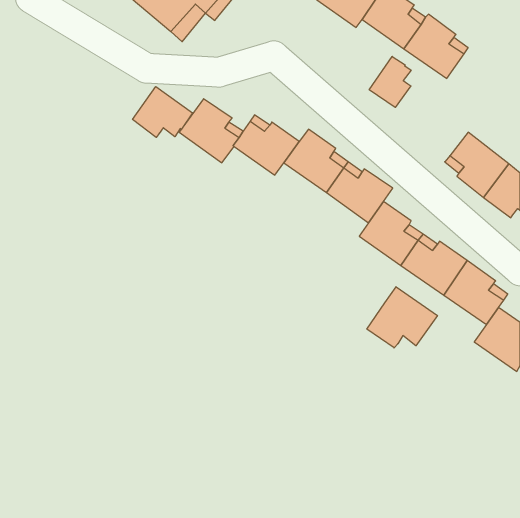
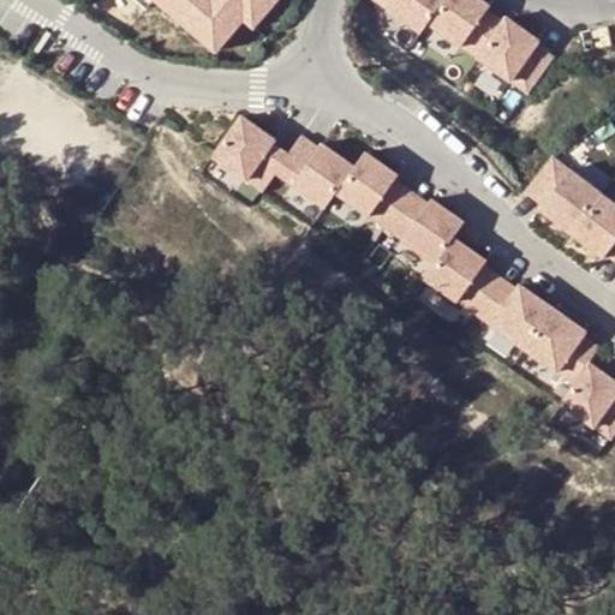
building: [369,56,411,107] -> none
building: [133,87,193,137] -> none
building: [367,287,437,348] -> none

